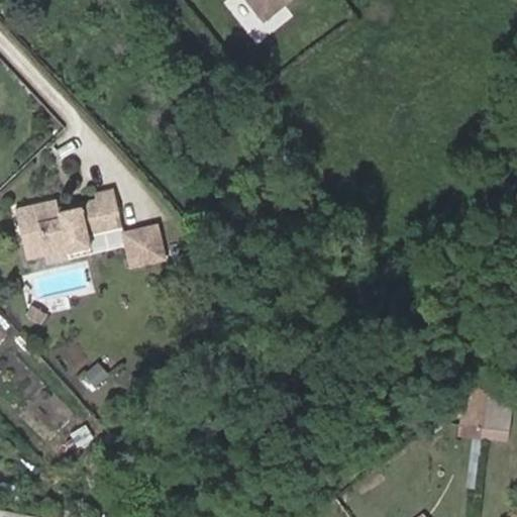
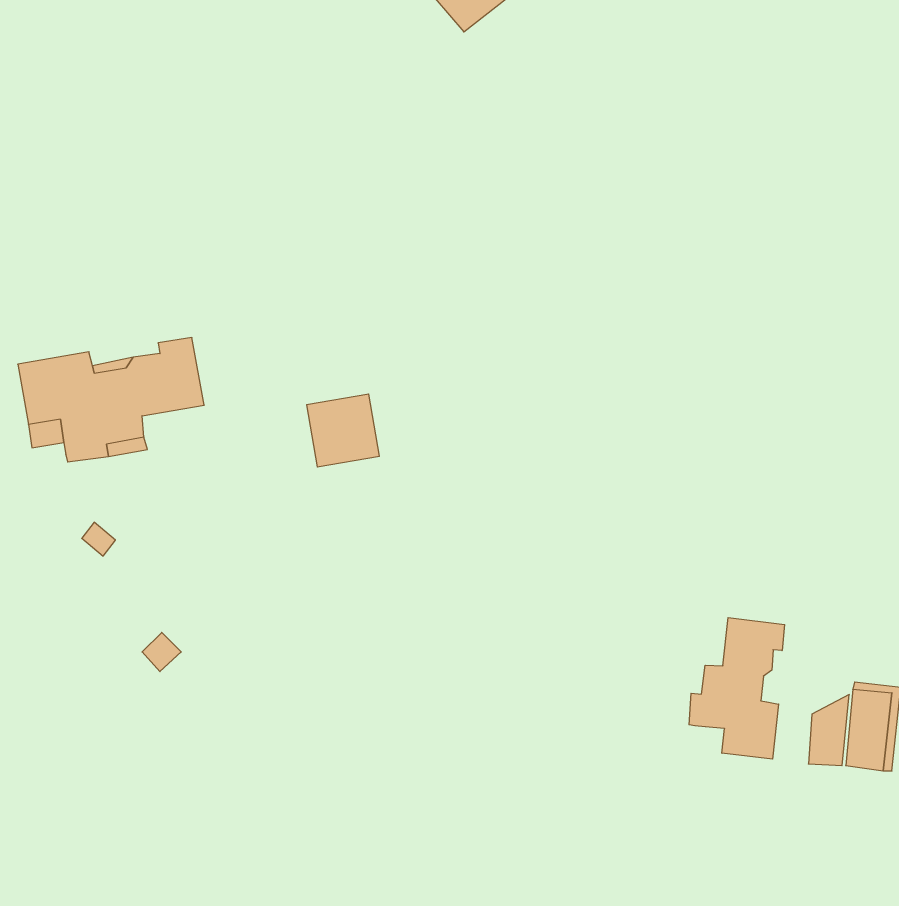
building: [121,229,163,271] -> [307,394,379,467]
building: none -> [689,618,785,759]

